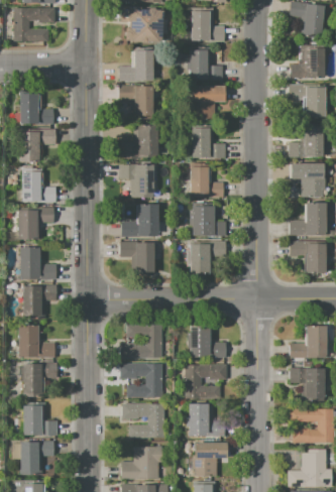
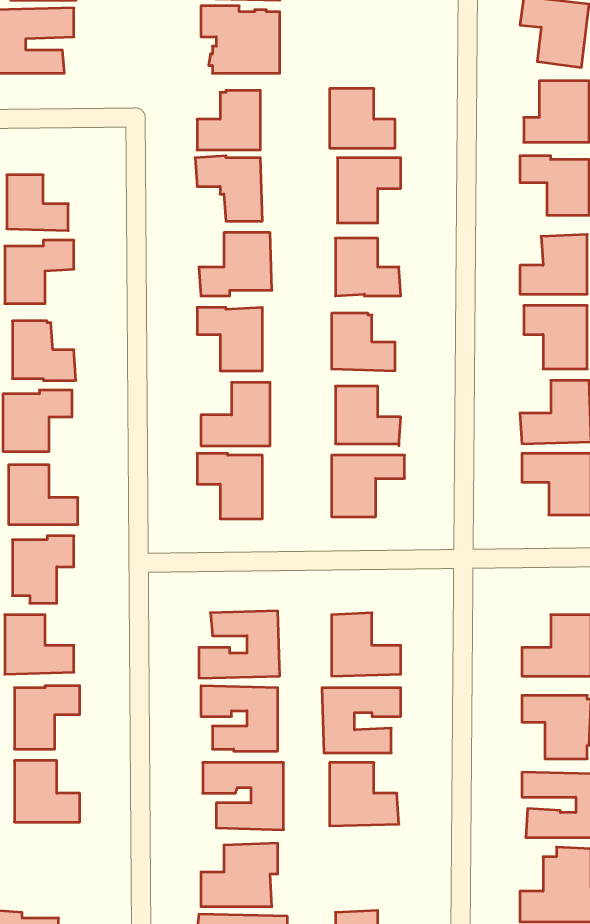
building: [191,7,225,41] -> none
building: [20,441,53,475] -> none
building: [193,443,227,476] -> none

